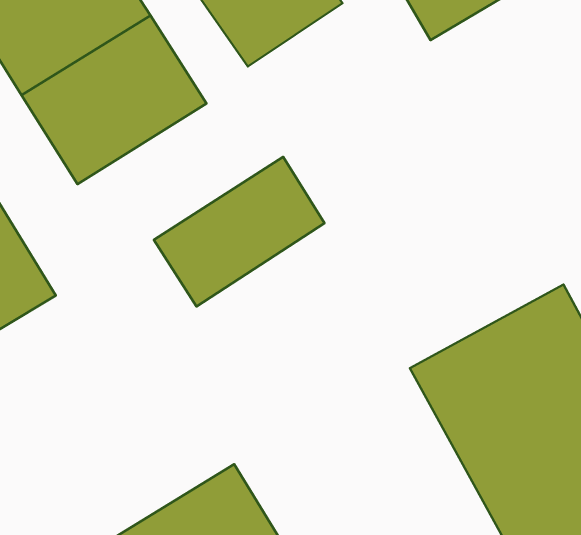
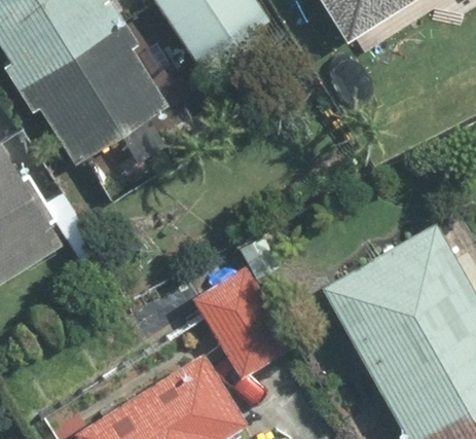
building: [154,157,325,307] -> none
building: none -> [191,255,294,371]

